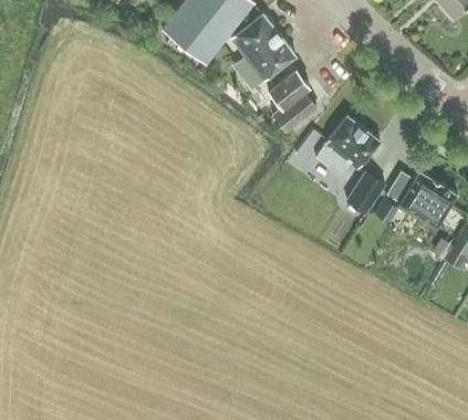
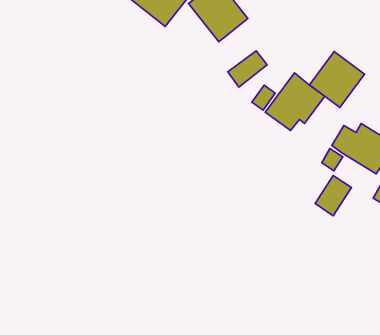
building: [267,69,309,108] -> none
building: none -> [309,52,365,107]
building: [345,170,385,214] -> [315,175,351,216]

